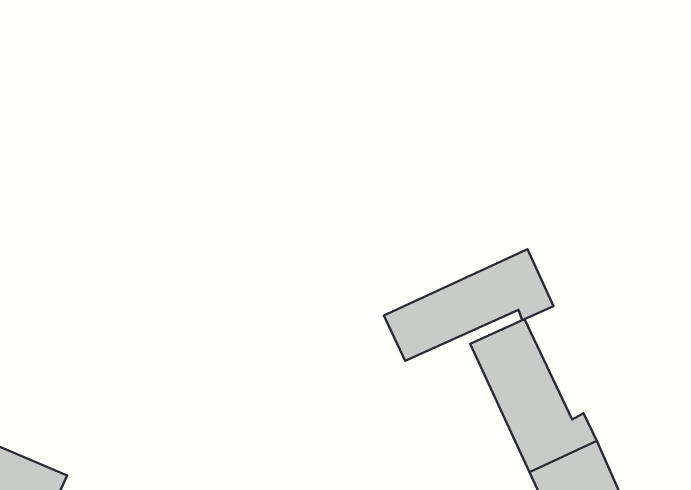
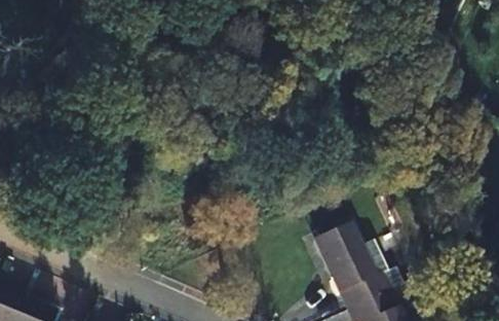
building: [384,249,554,361] -> none

